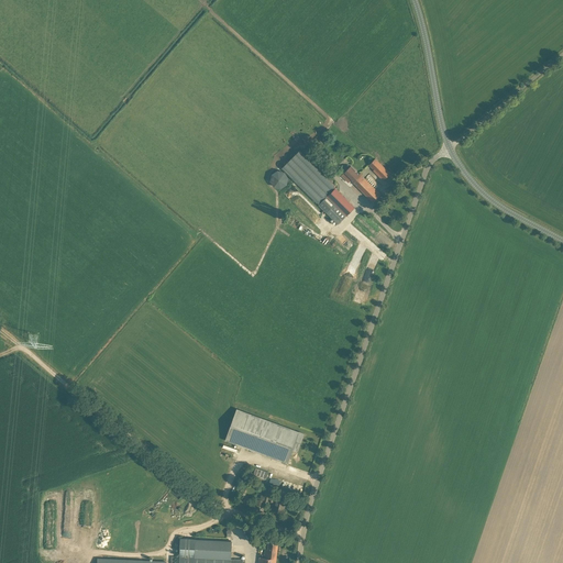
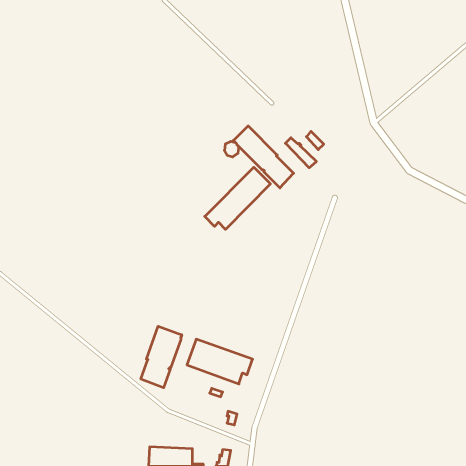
building: none -> [205,167,270,229]
building: none -> [141,326,182,388]

